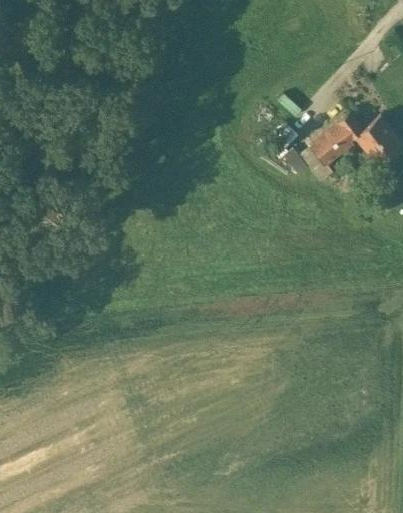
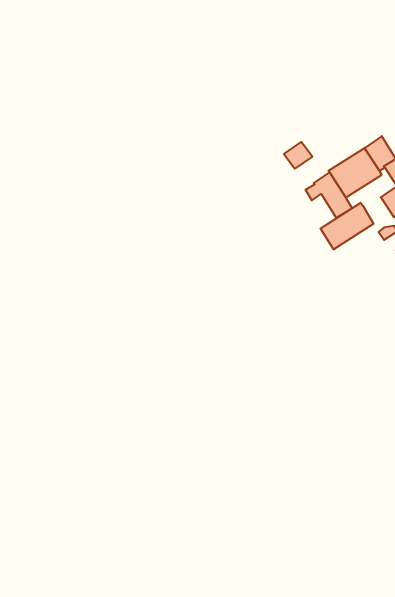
building: none -> [321,203,373,249]

